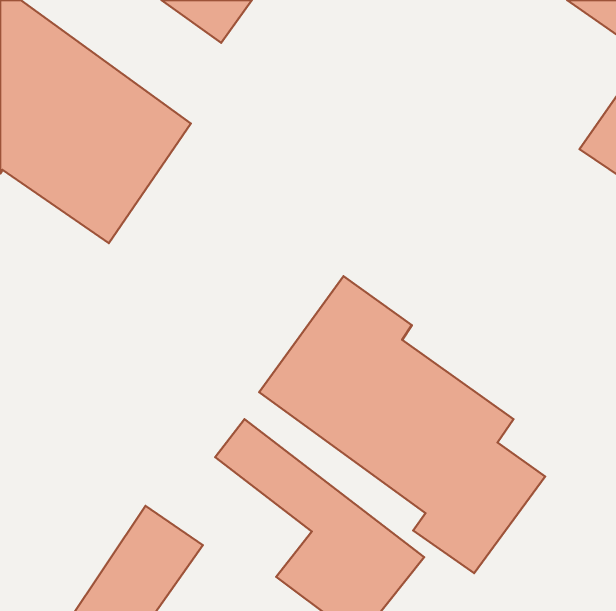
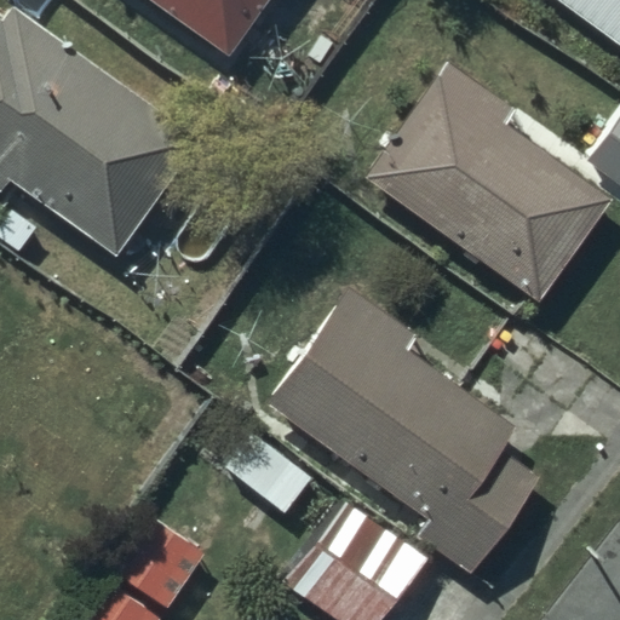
building: none -> [363,62,612,303]

